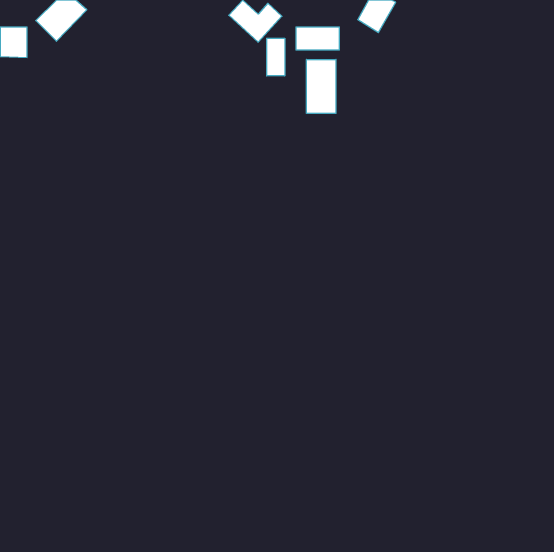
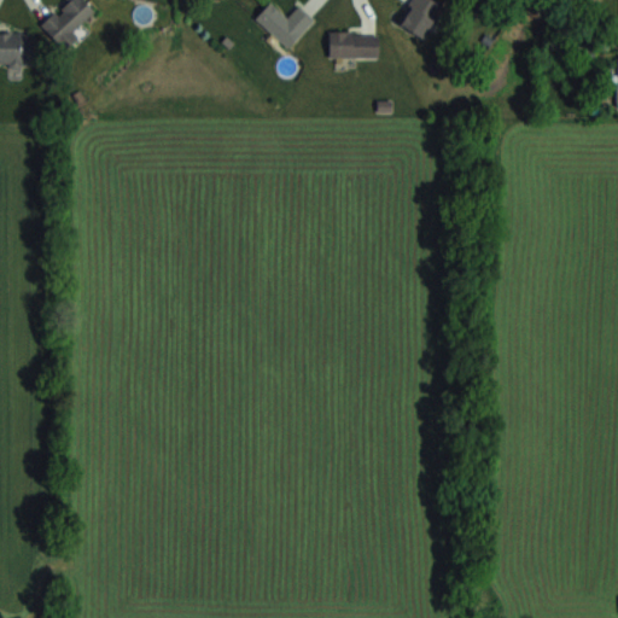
building: [267,38,285,76] -> none
building: [307,59,336,113] -> none

